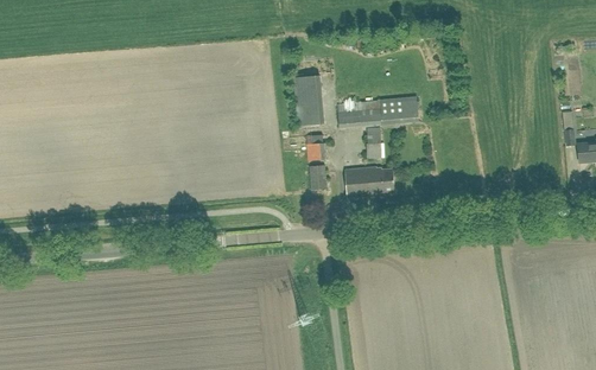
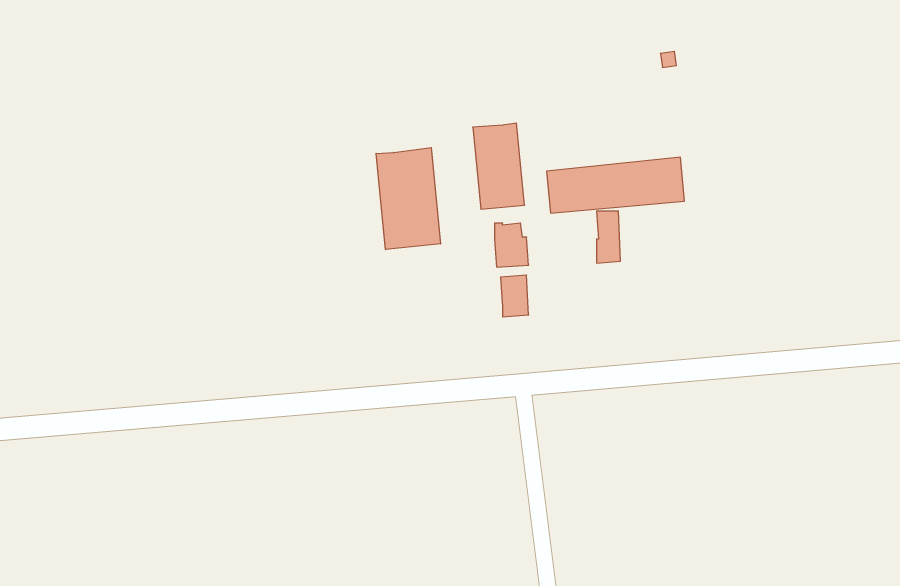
building: none -> [376,148,441,250]
building: [344,165,395,198] -> none

